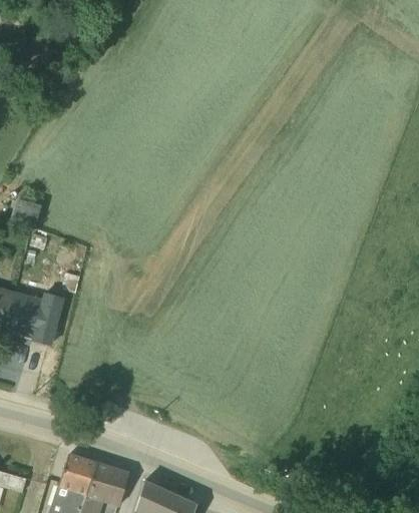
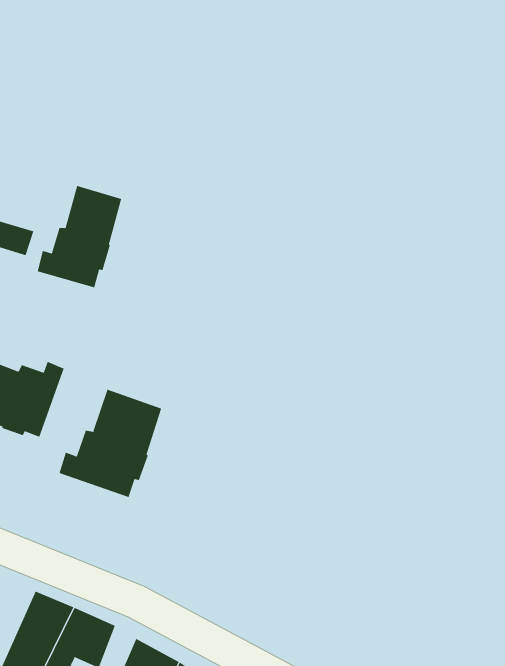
building: none -> [37,185,122,288]
building: none -> [59,389,162,498]

